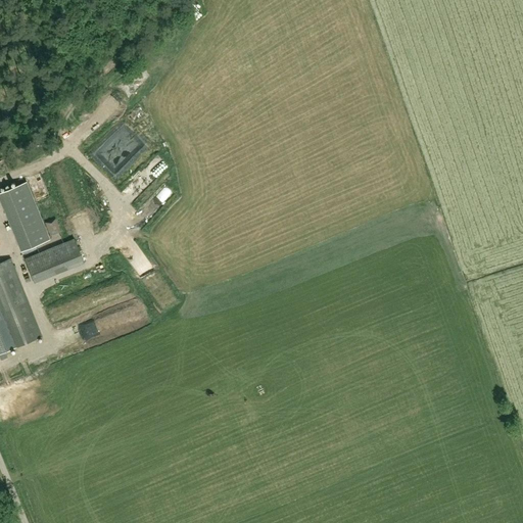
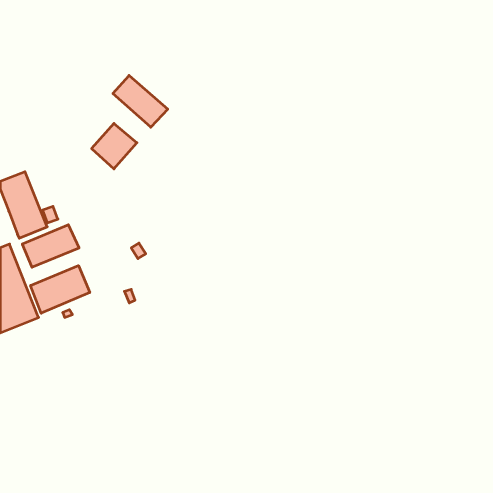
building: none -> [113,75,168,127]
building: none -> [31,266,90,313]

